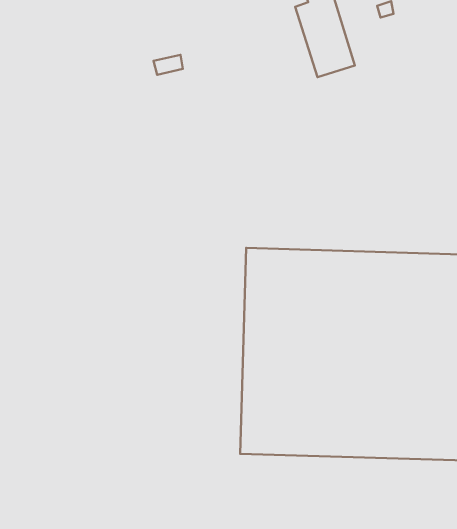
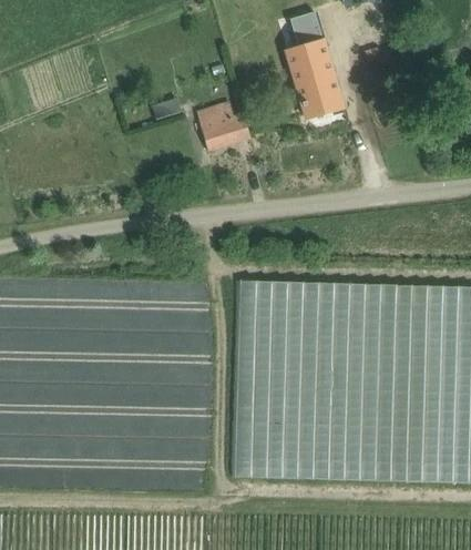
building: none -> [196,101,250,149]

